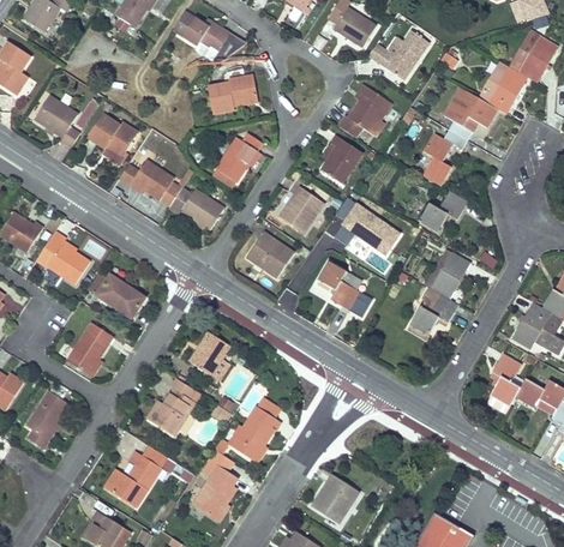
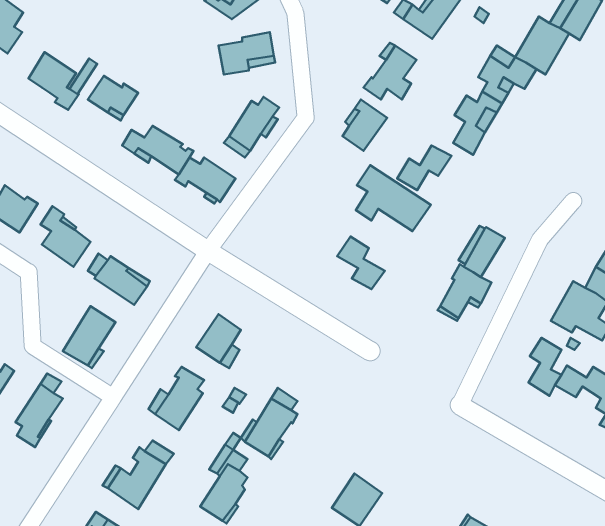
building: [280,185,324,232] -> none
building: [419,191,468,232] -> [397,145,451,190]
building: [246,232,294,277] -> none

